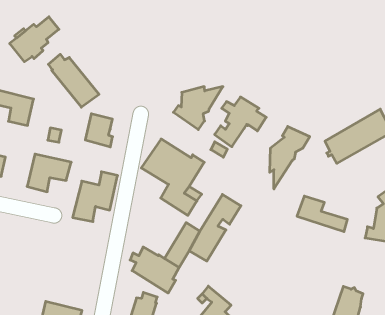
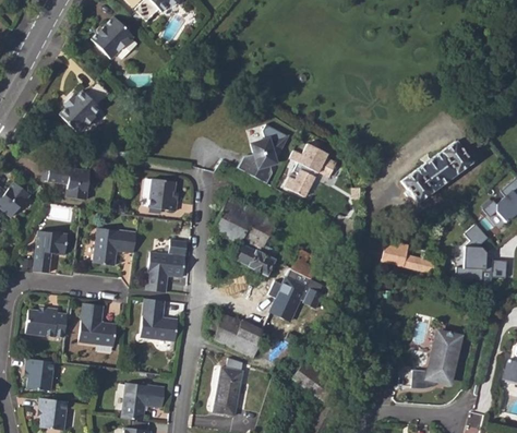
building: [48,54,99,107] -> none
building: [270,126,310,189] -> none
building: none -> [79,303,117,347]
building: none -> [141,299,179,340]

